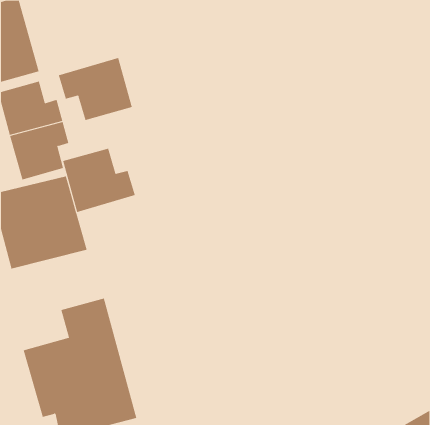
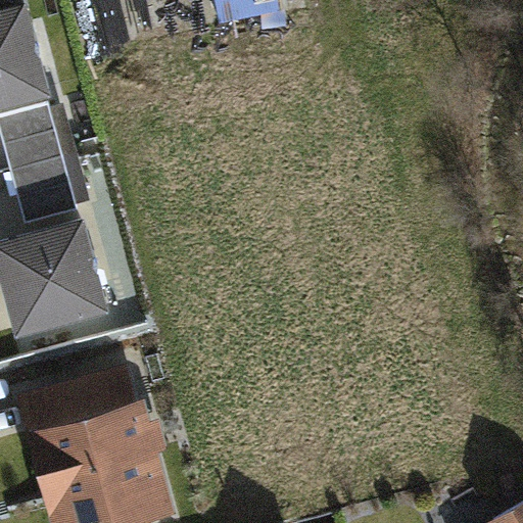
building: [58,57,132,121] -> none
building: [63,148,135,213] -> none

